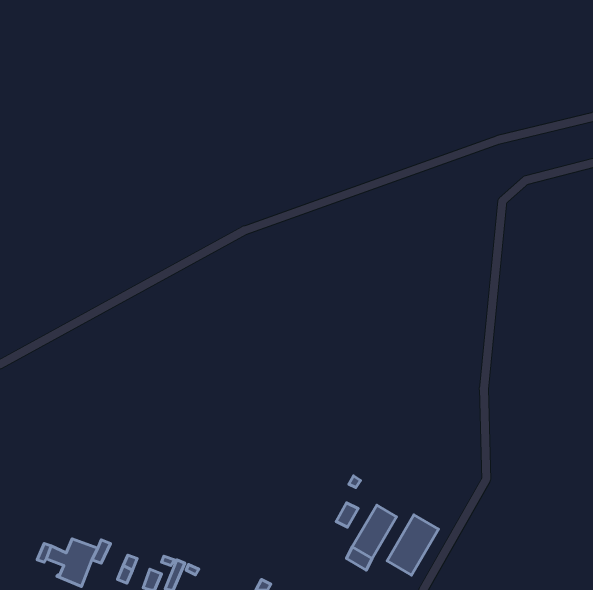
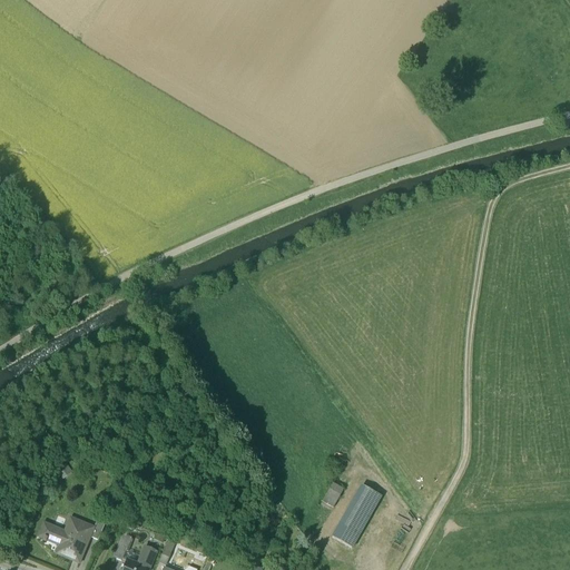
building: [387,515,438,575] -> none

